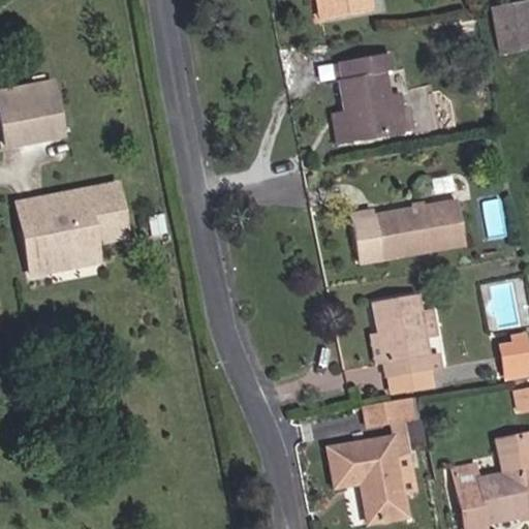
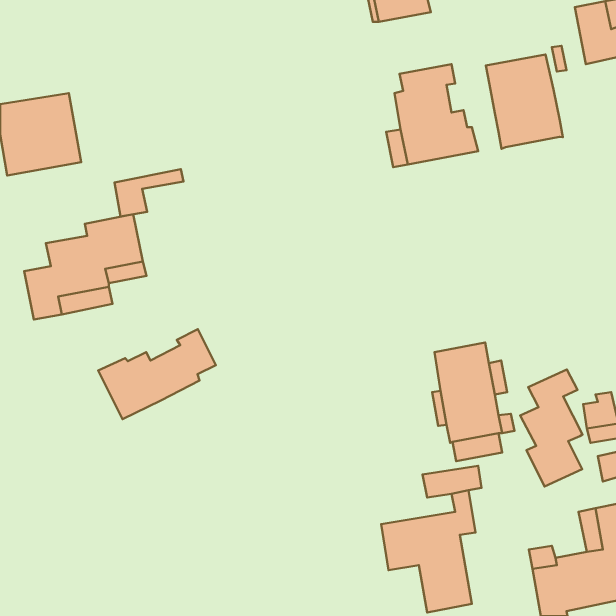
building: none -> [486,54,563,149]
building: [18,191,76,231] -> [114,169,183,217]
building: [351,200,464,261] -> none
building: none -> [98,329,216,419]
building: none -> [520,369,582,487]

